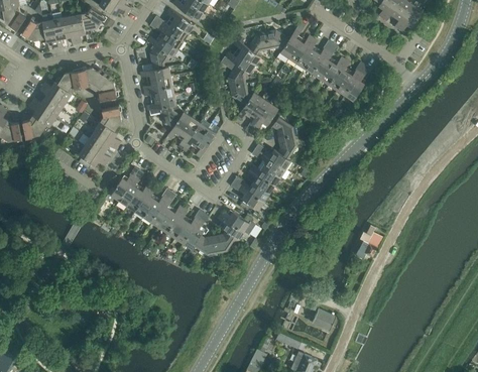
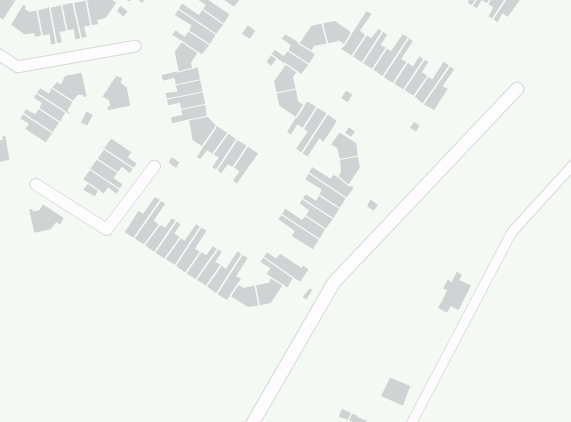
building: [78,69,104,90] -> none
building: [99,107,121,133] -> none
building: [21,115,49,138] -> [28,204,64,233]

